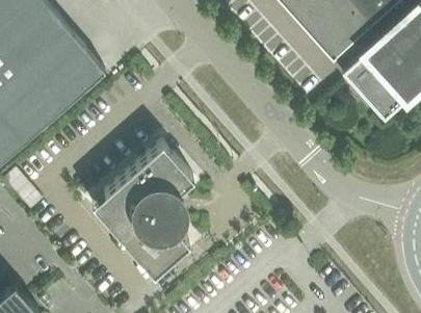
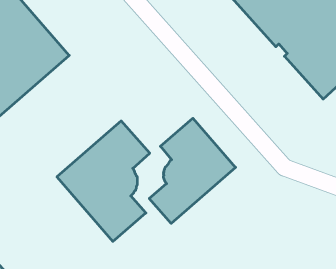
building: none -> [149,118,236,223]

